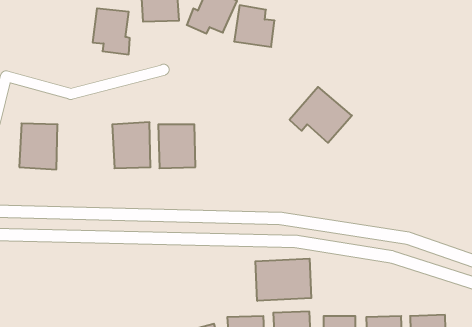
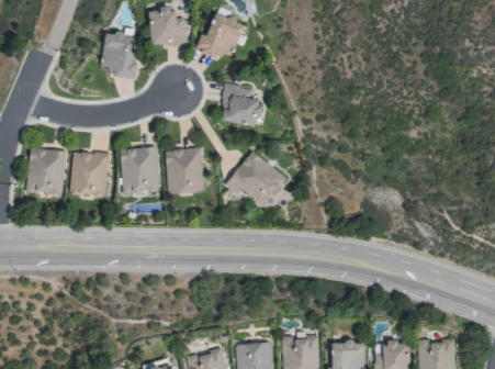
building: [234,5,275,47] -> [221,85,261,126]
building: [290,87,352,143] -> [225,152,288,208]
building: none -> [70,152,110,197]
building: [255,259,311,301] -> none

